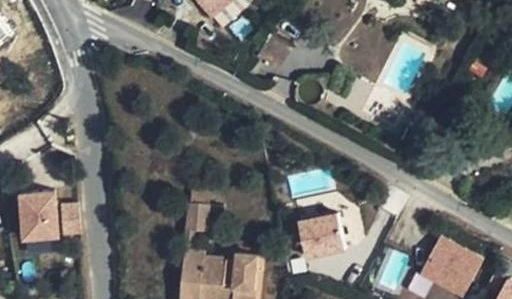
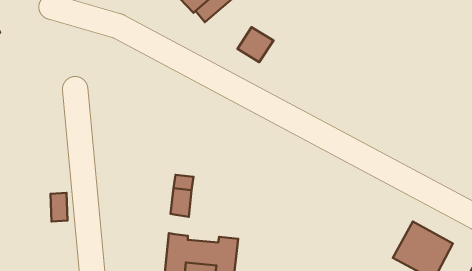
building: [20,192,56,237] -> none
building: [299,212,345,256] -> none

